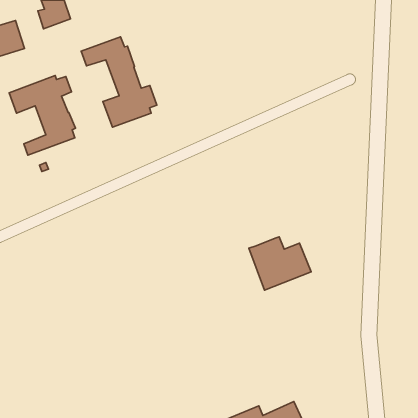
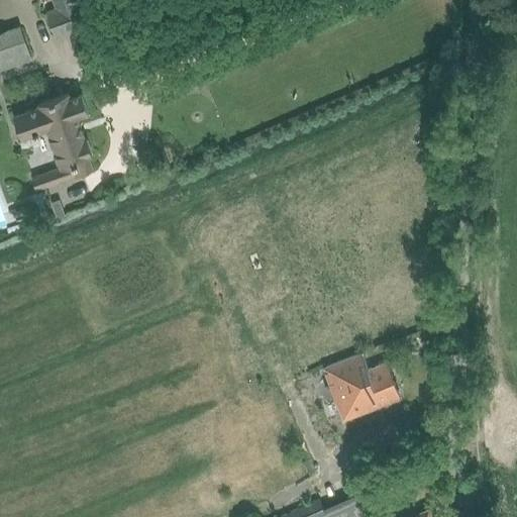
building: [81,37,157,127] -> none
building: [249,237,311,290] -> [322,356,399,422]

